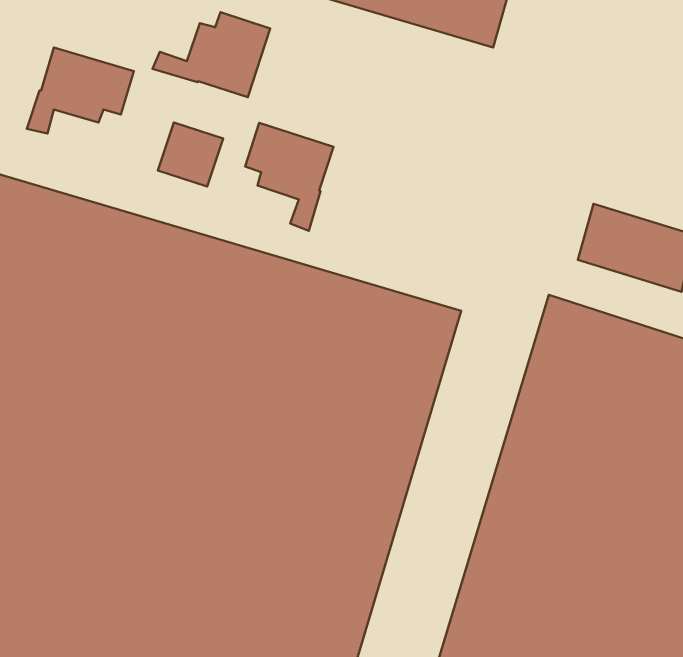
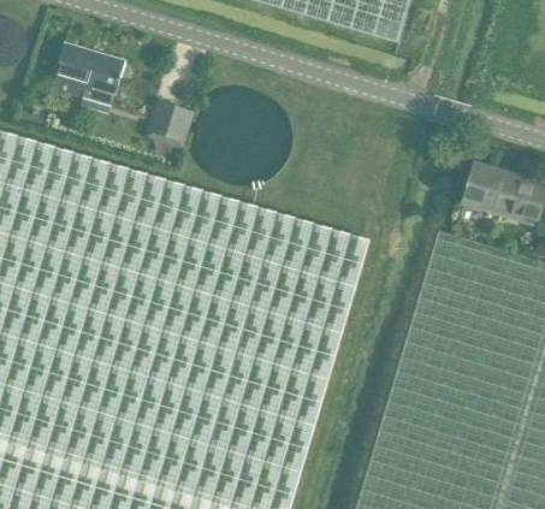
building: [153,12,270,97] -> none
building: [245,123,333,231] -> none

